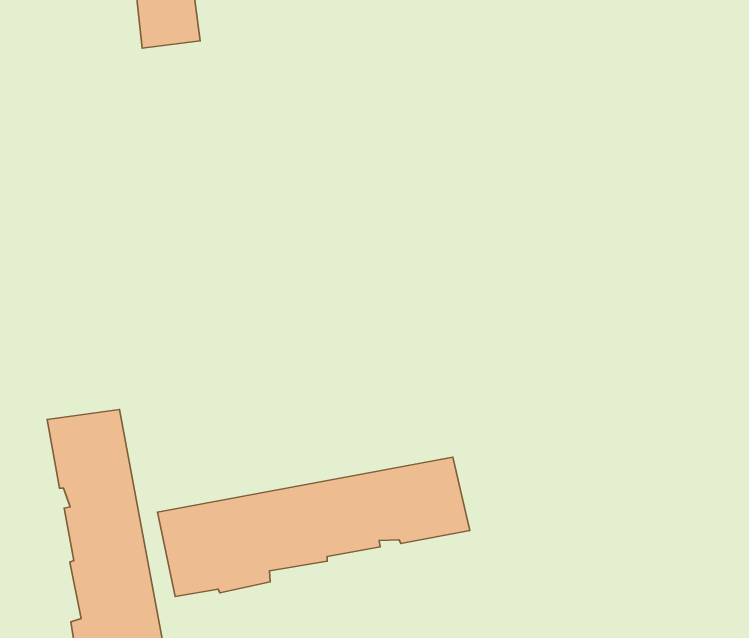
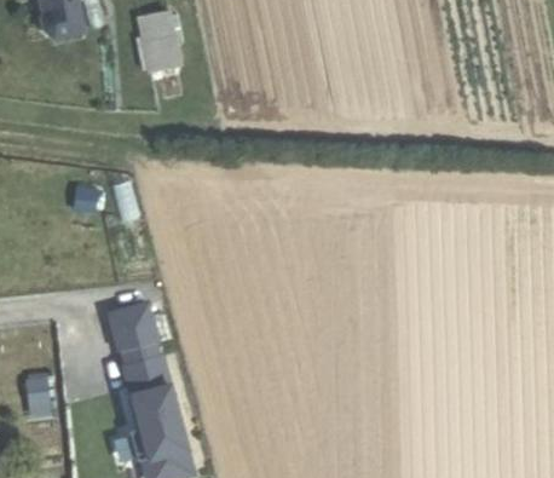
building: [157,457,470,596] -> none

